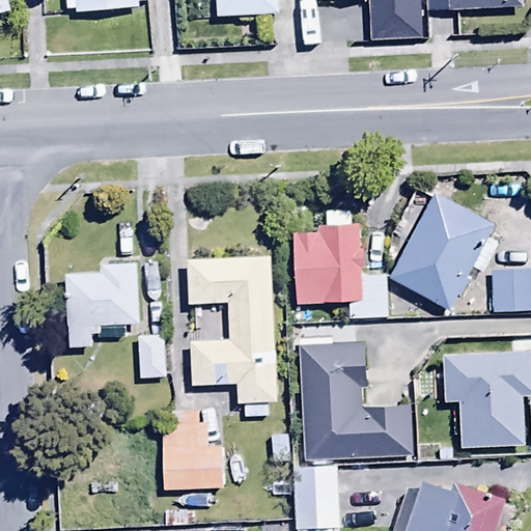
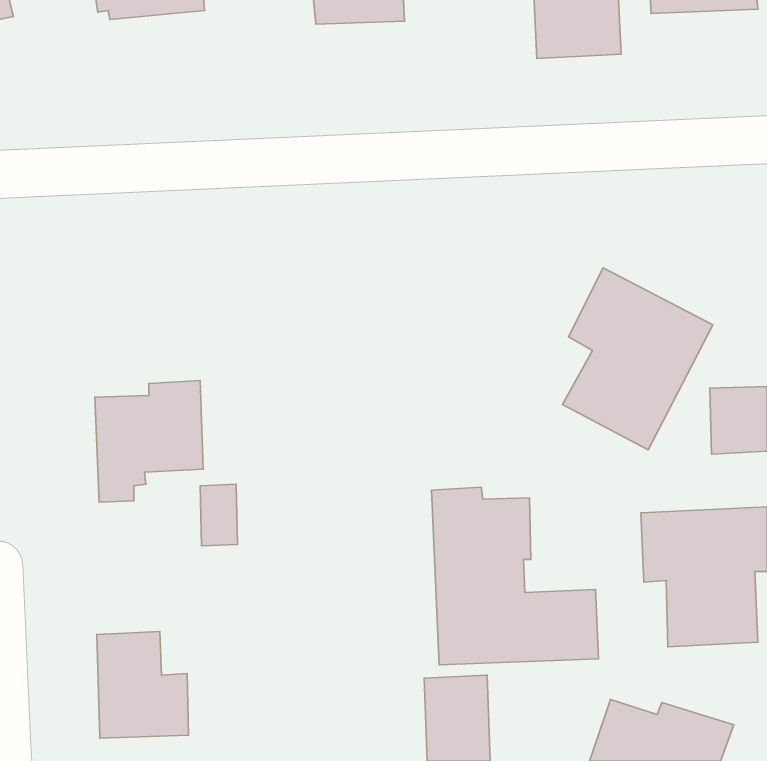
building: [292,208,387,317] -> none
building: [187,254,277,415] -> none
building: [162,418,225,492] -> [97,631,189,738]

